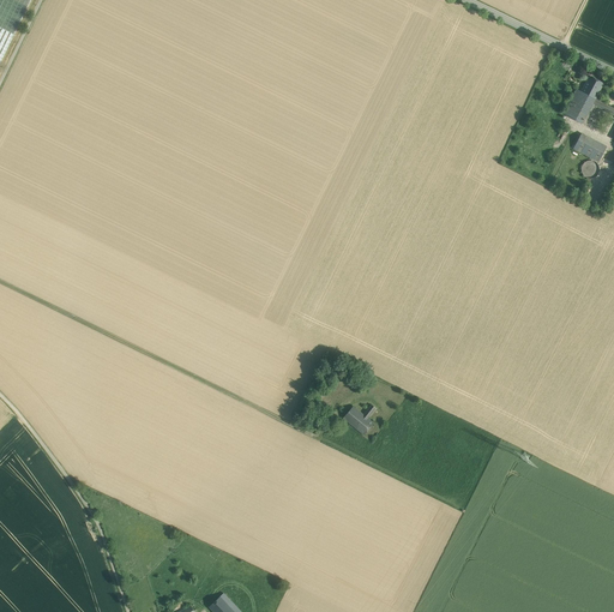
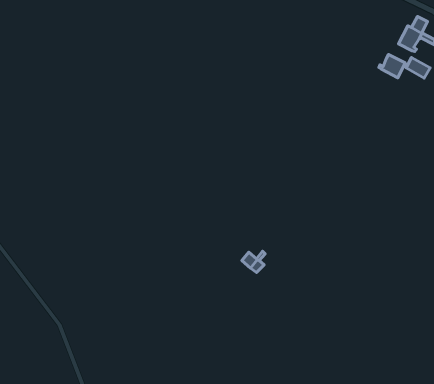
building: none -> [379,55,405,78]

